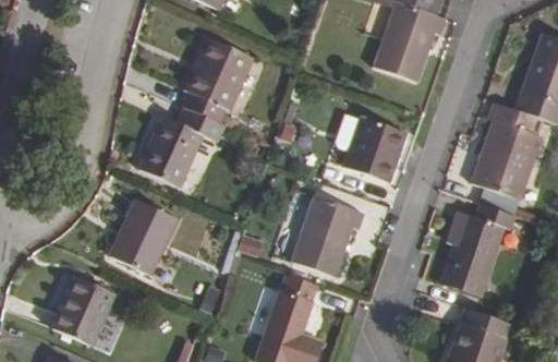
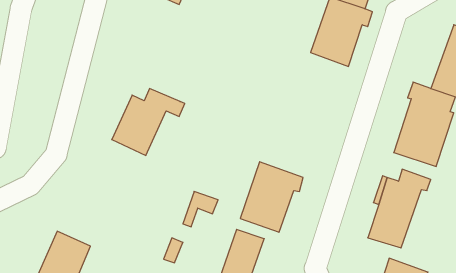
building: [181,37,252,123] -> none
building: [343,117,407,182] -> none
building: [109,198,177,275] -> none

